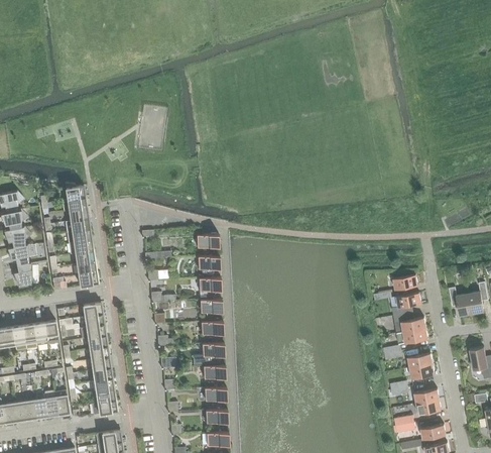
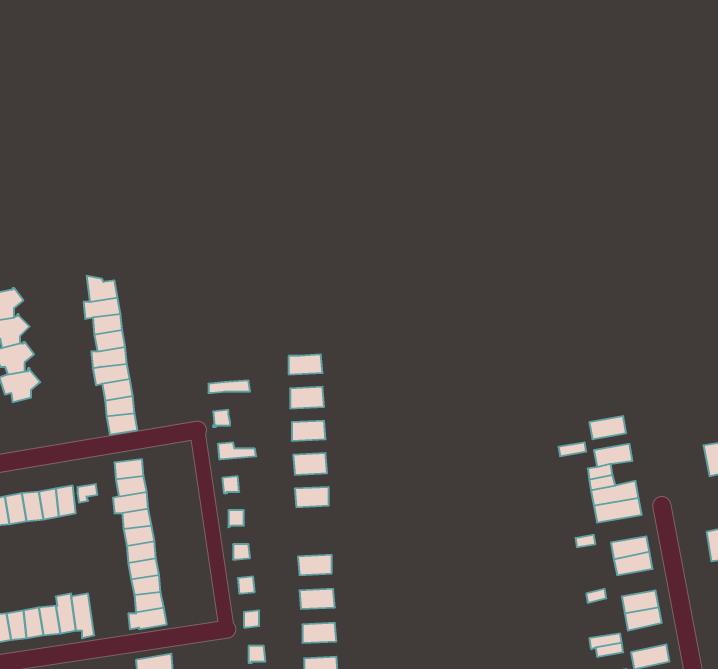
building: [13,261,32,288] -> none
building: [449,288,472,316] -> none
building: [193,343,224,365] -> none

